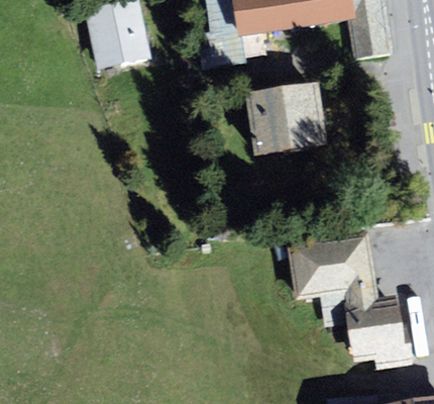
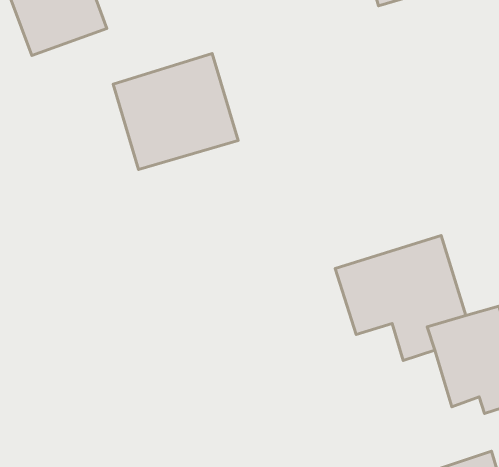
building: [249,87,331,161] -> [113,54,238,169]

